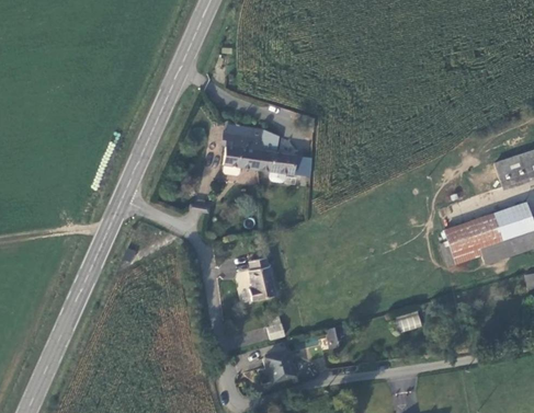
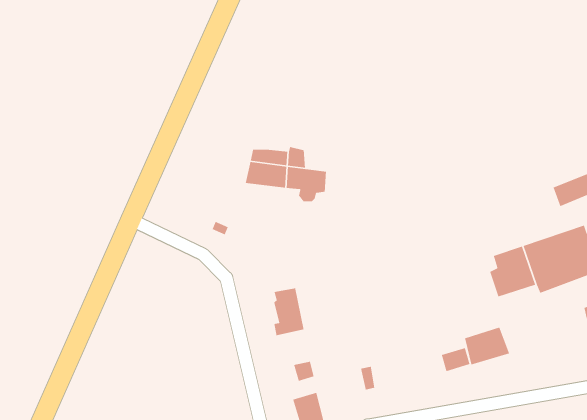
building: none -> [464,327,510,366]

